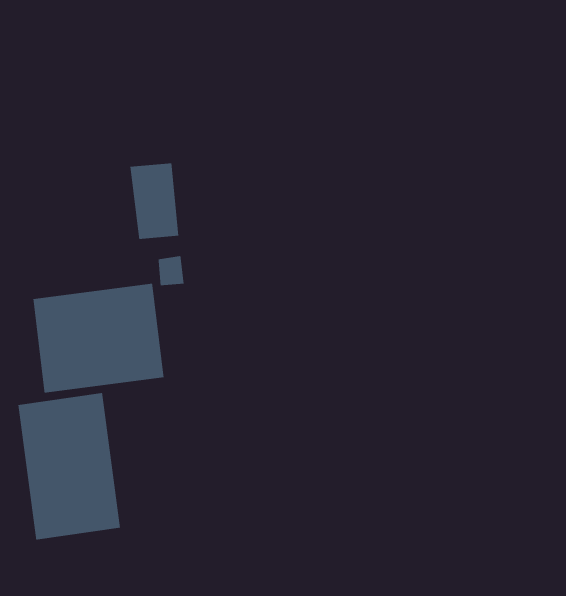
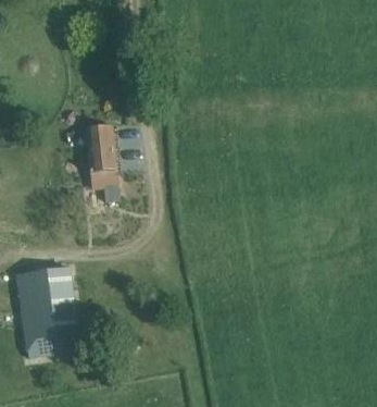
building: [33,283,164,394] -> none

